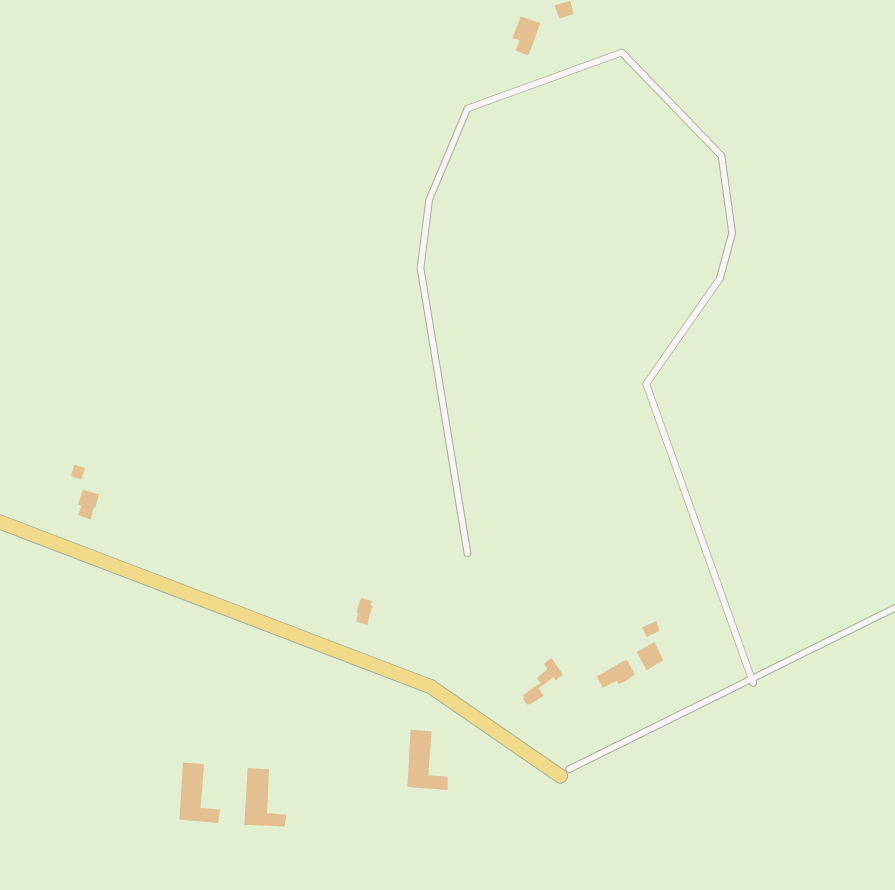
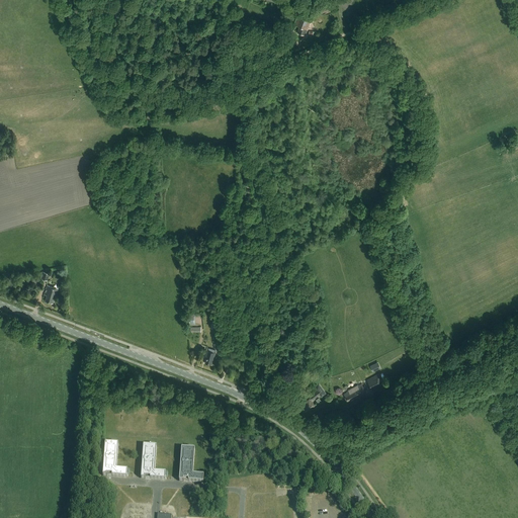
building: [406,729,448,791] -> [179,445,203,481]

